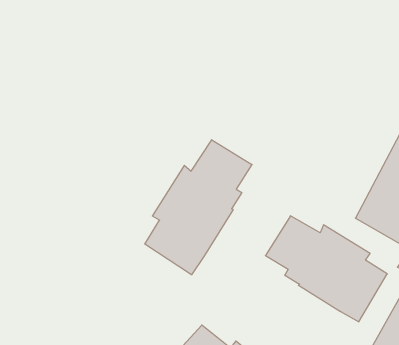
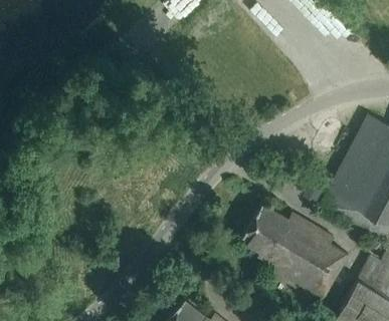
building: [145,140,252,275] -> none

